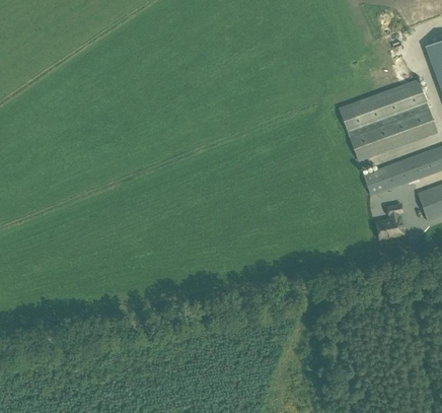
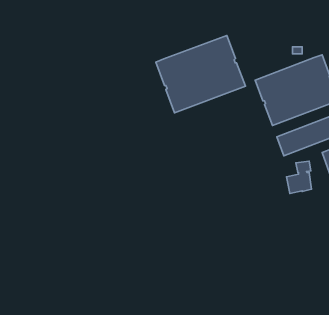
building: none -> [156,35,245,113]

